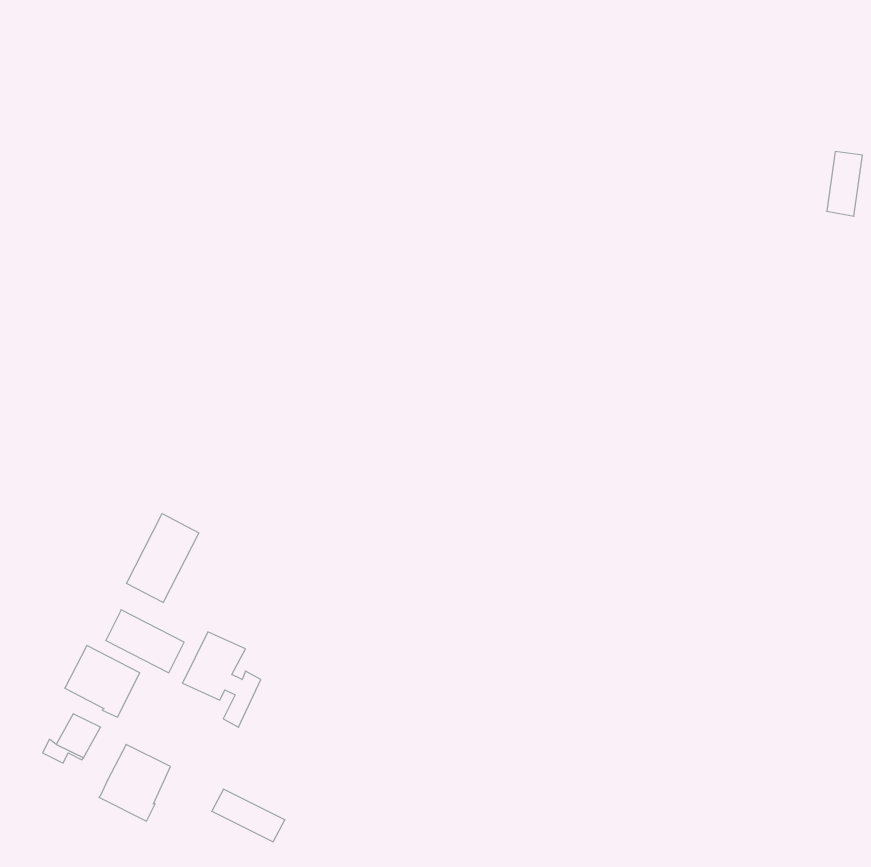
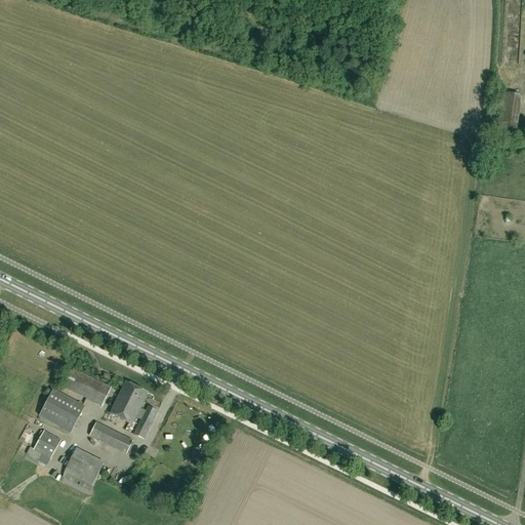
building: [126,514,199,603] -> none
building: [212,789,285,842] -> [89,420,133,452]

